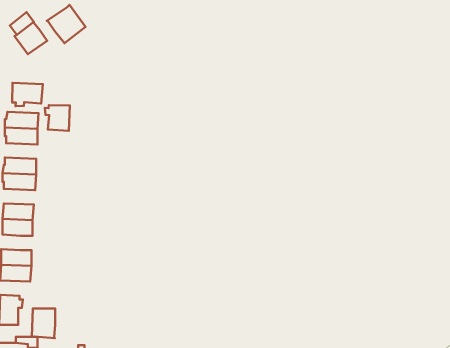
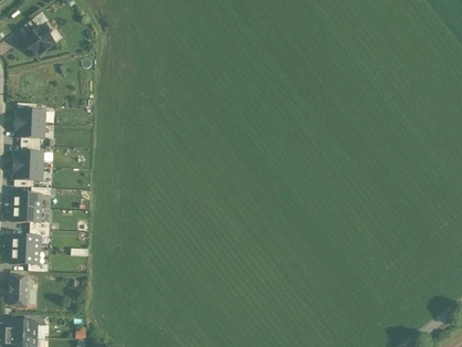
building: [47,5,86,43] -> none
building: [12,83,43,106] -> none
building: [45,105,70,131] -> none
building: [32,309,55,338] -> none

